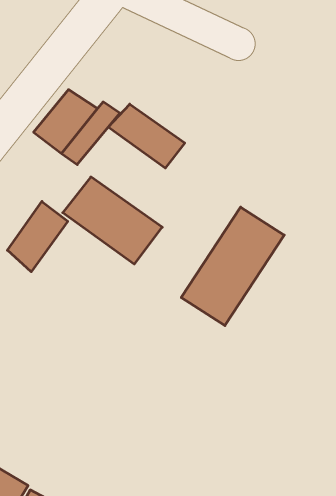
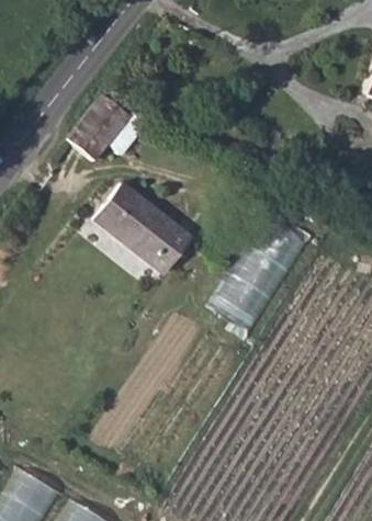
building: [108,104,185,168] -> none
building: [7,201,68,272] -> none

